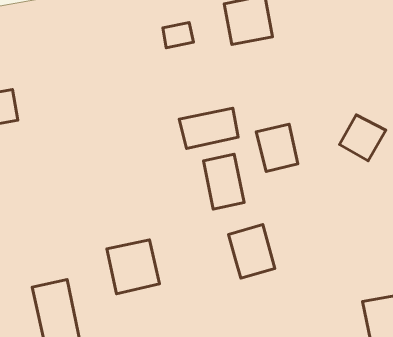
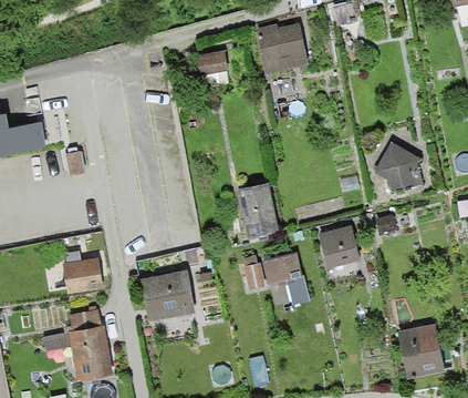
building: [179,108,238,148] -> none
building: [256,124,298,171] -> [318,222,360,269]
building: none -> [58,256,103,294]

